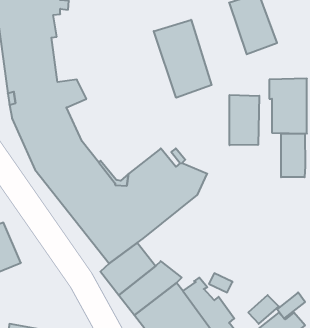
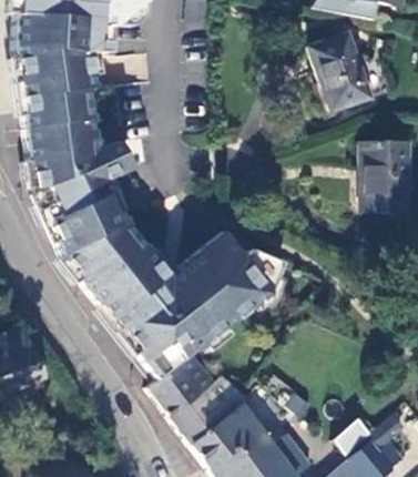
building: [154,20,212,98] -> none
building: [230,95,259,145] -> none
building: [281,134,305,177] -> none

